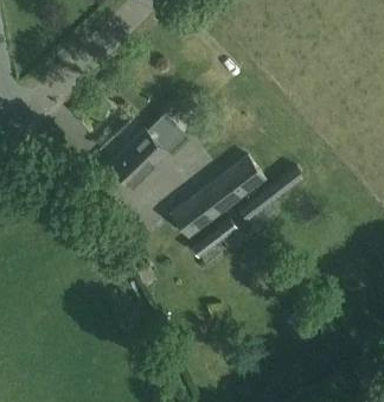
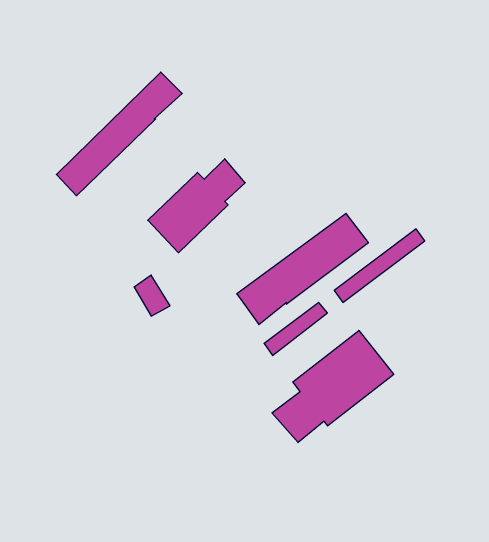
building: none -> [56,72,182,196]
building: none -> [272,330,394,443]

